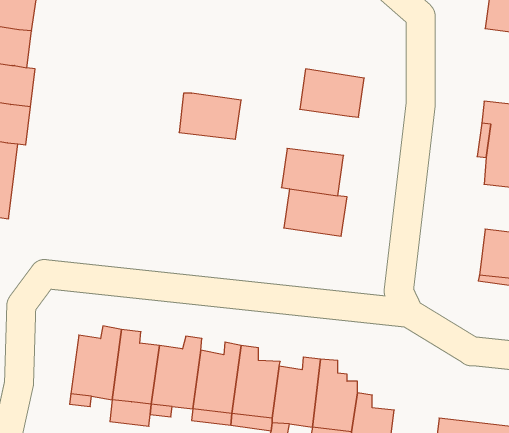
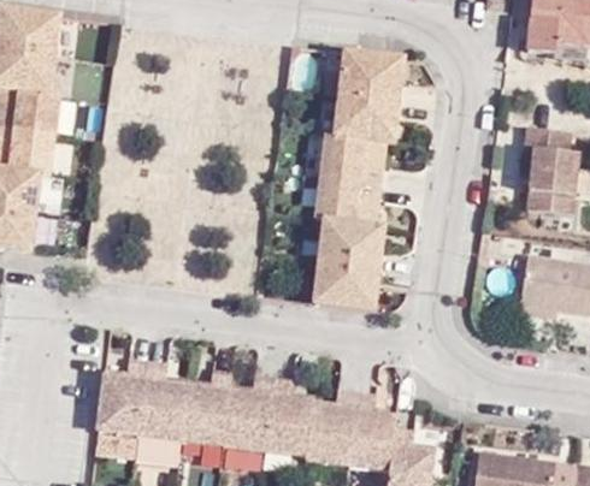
building: none -> [340,48,407,101]
building: [179,93,241,139] -> [320,134,385,182]
building: none -> [311,257,377,309]

